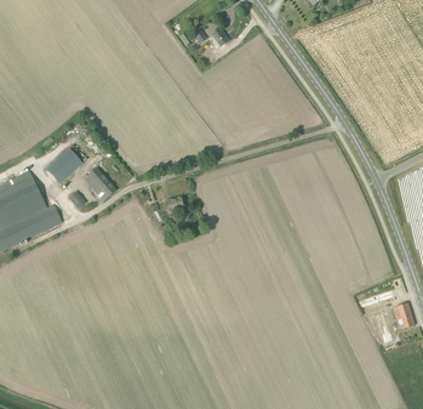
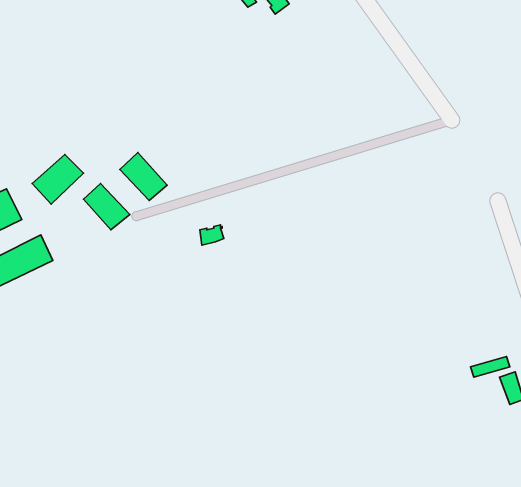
building: none -> [120,153,167,201]

